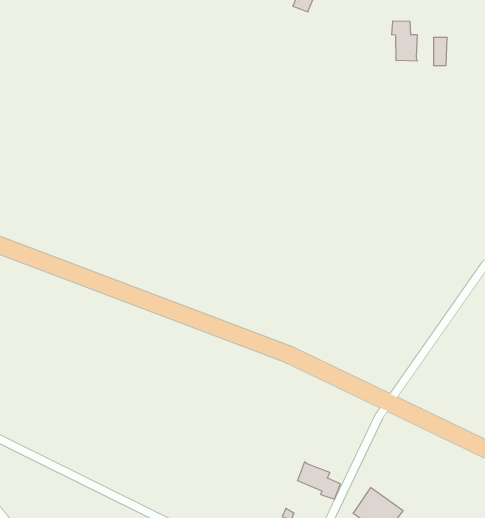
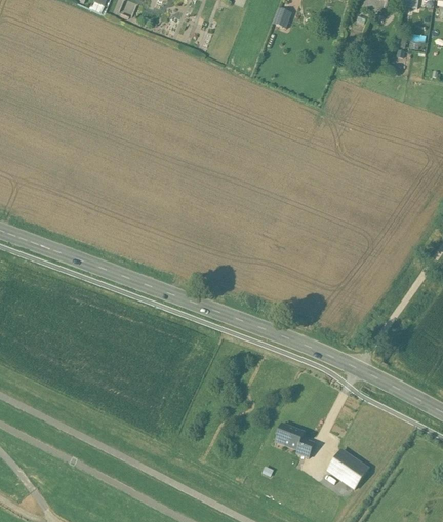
building: [392,21,417,61] -> none

